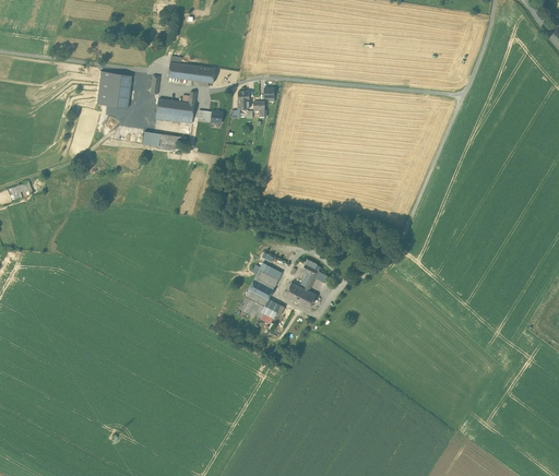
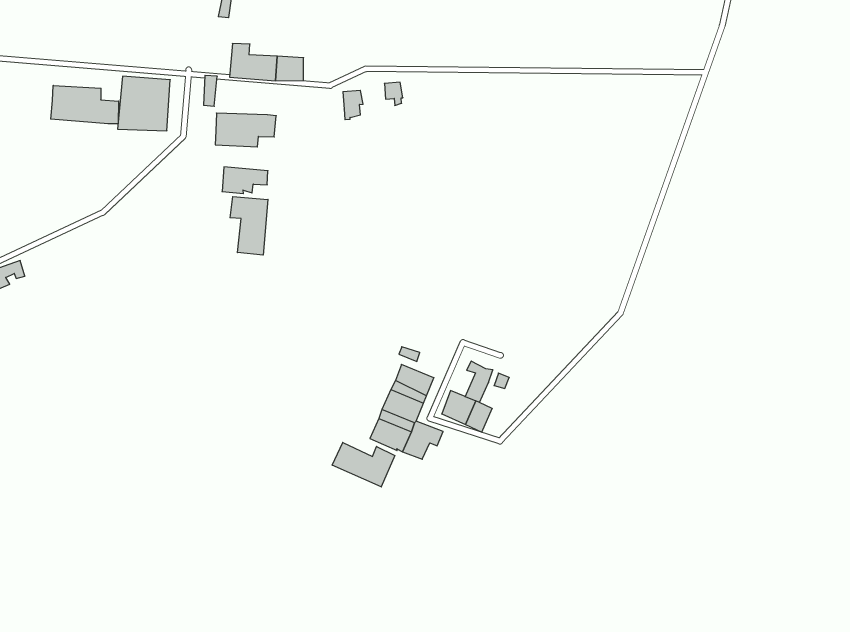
building: none -> [51,85,119,124]
building: none -> [230,197,268,255]
building: none -> [332,442,395,487]

